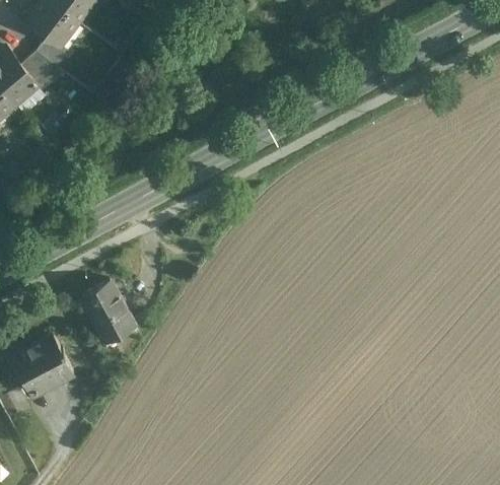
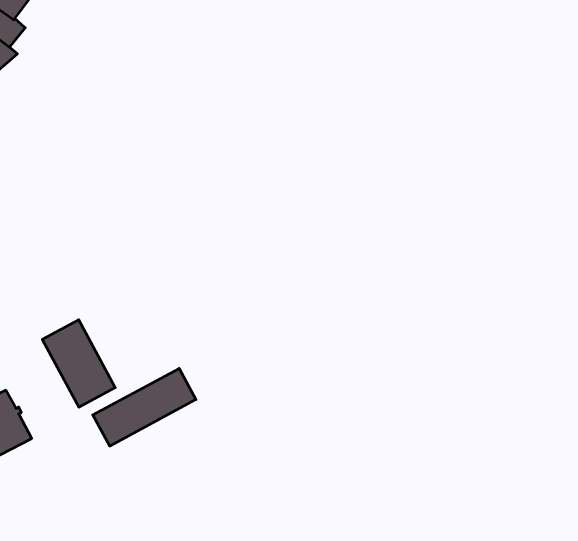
building: none -> [93,368,196,446]

